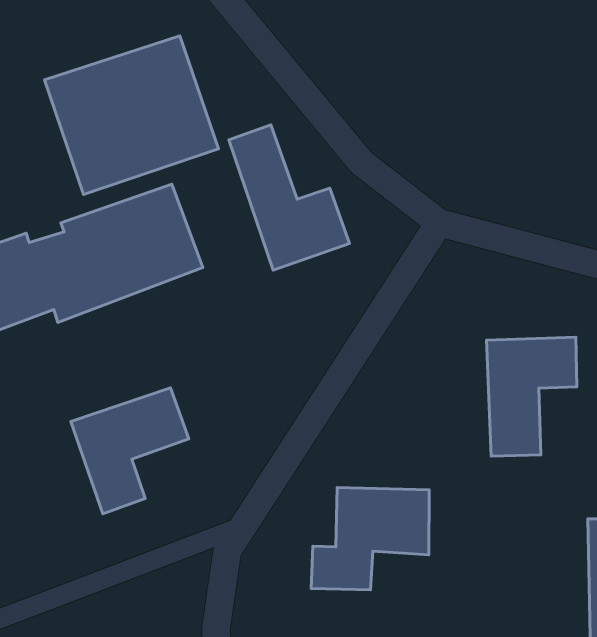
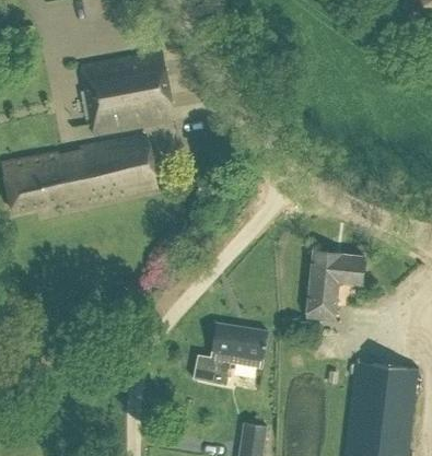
building: [229,125,350,270] -> none
building: [71,388,189,514] -> none

